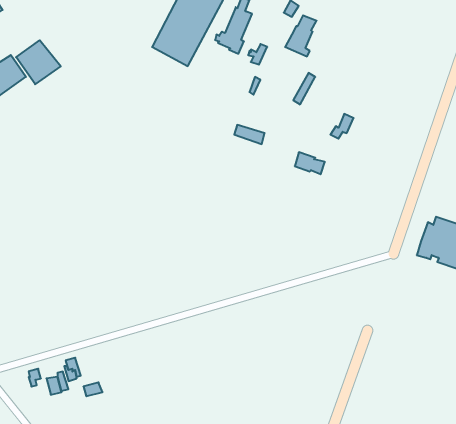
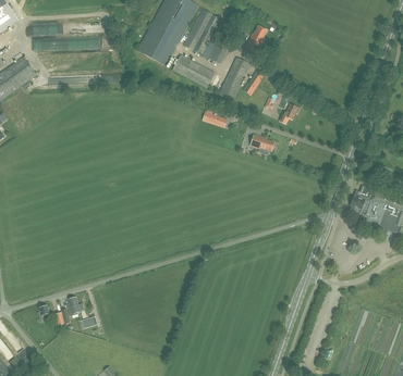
building: [16,40,61,84] -> none
building: none -> [172,54,213,87]
building: none -> [223,57,249,89]

